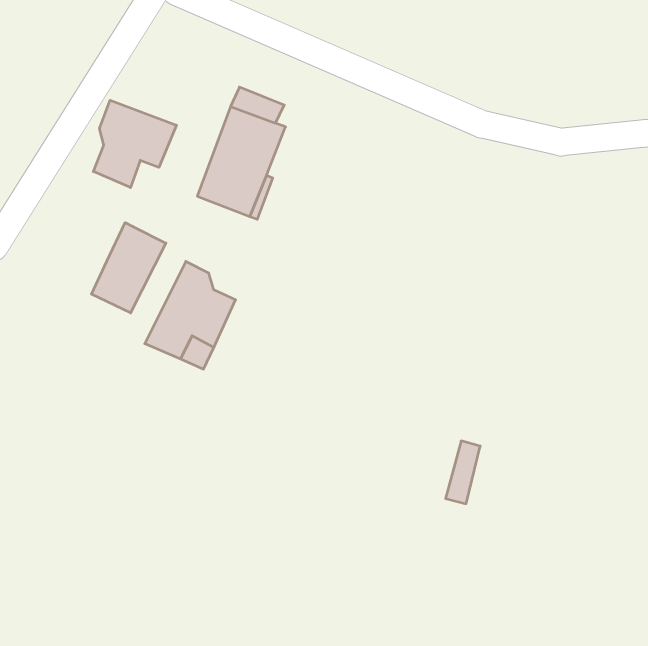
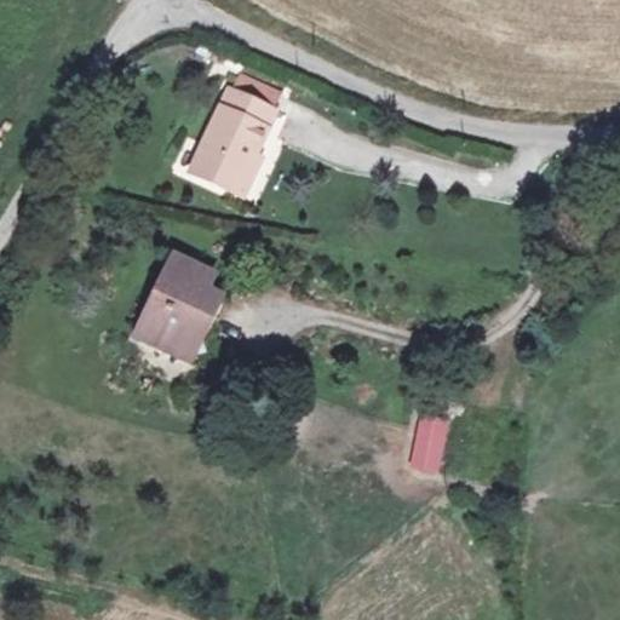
building: [93,100,176,188] -> none
building: [91,223,166,313] -> none

